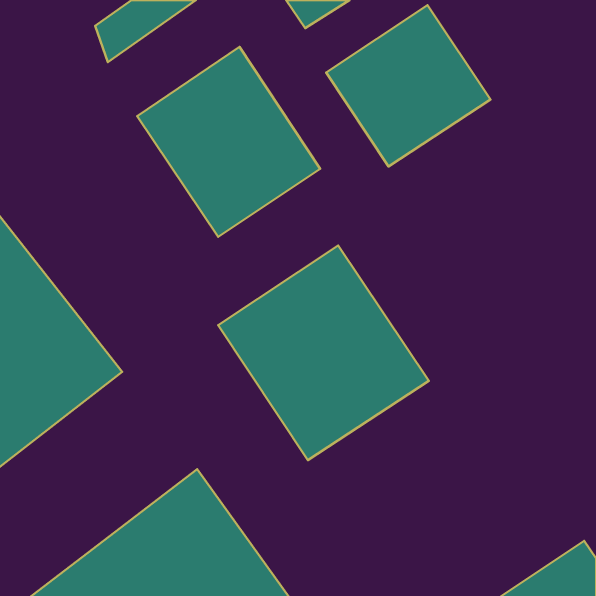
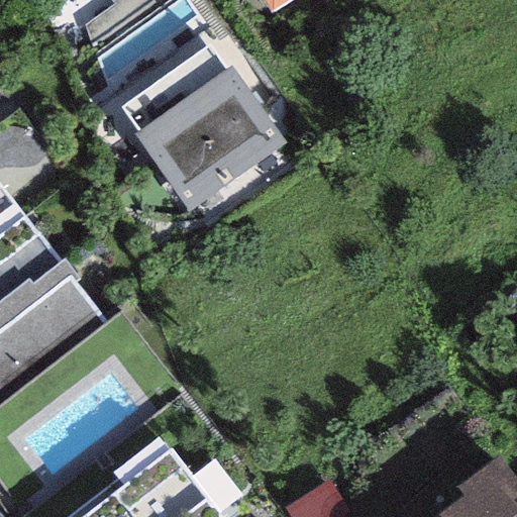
building: [326,5,491,167] -> none
building: [218,245,429,460] -> none

